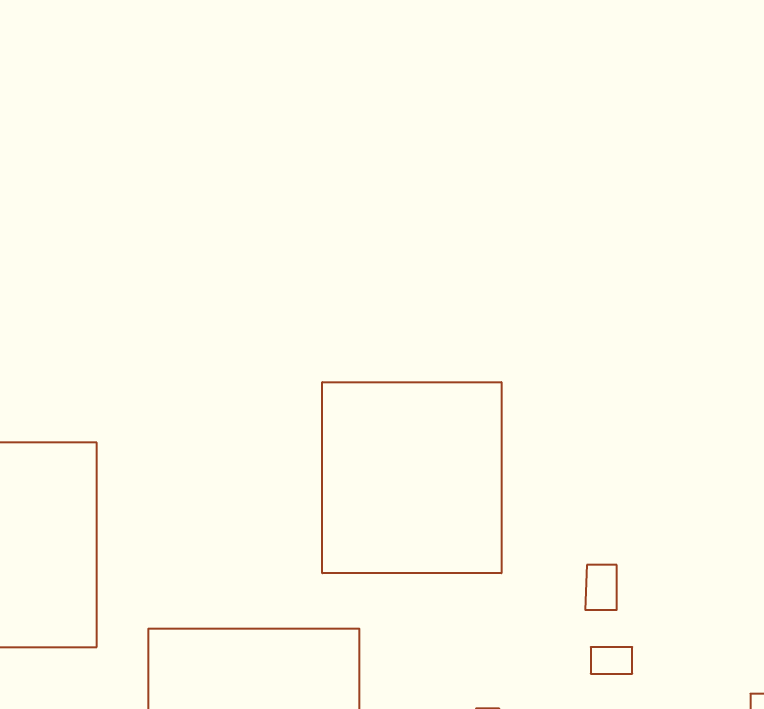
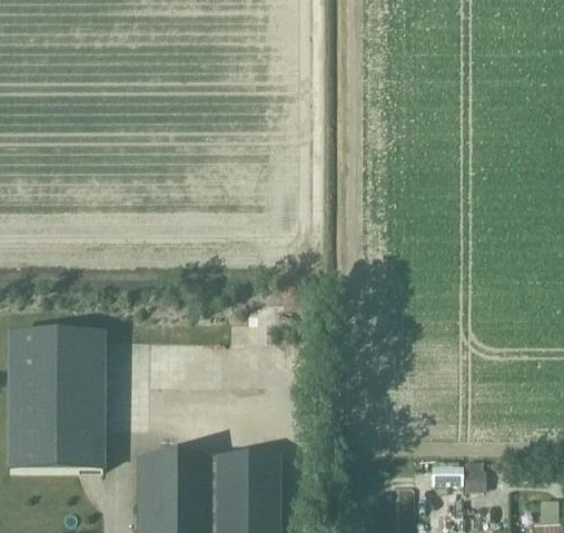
building: [322,382,501,573] -> none
building: [585,565,617,610] -> [465,457,486,487]

